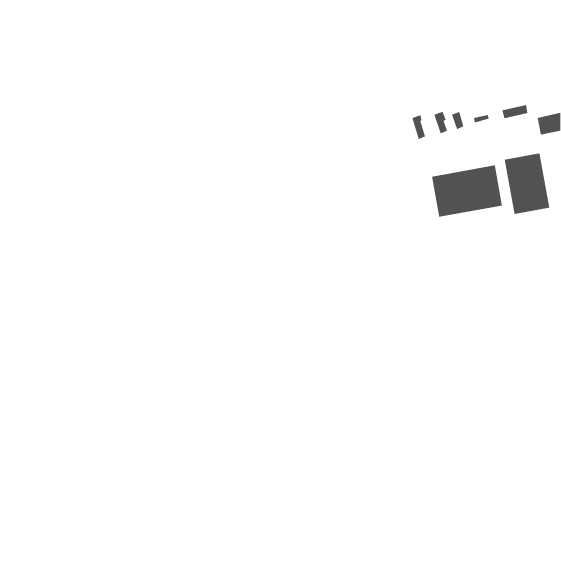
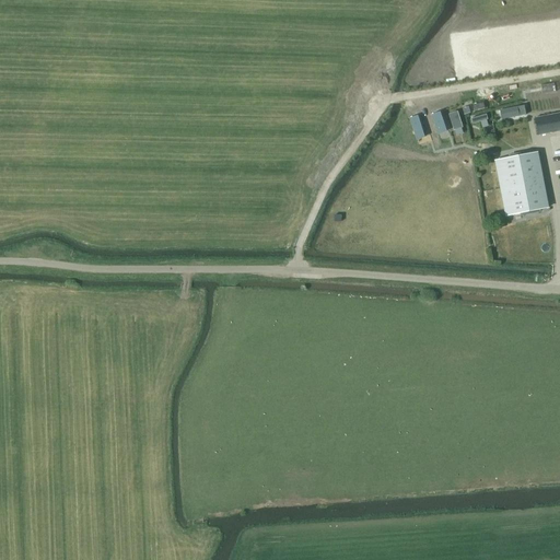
building: [432,165,503,218] -> none

